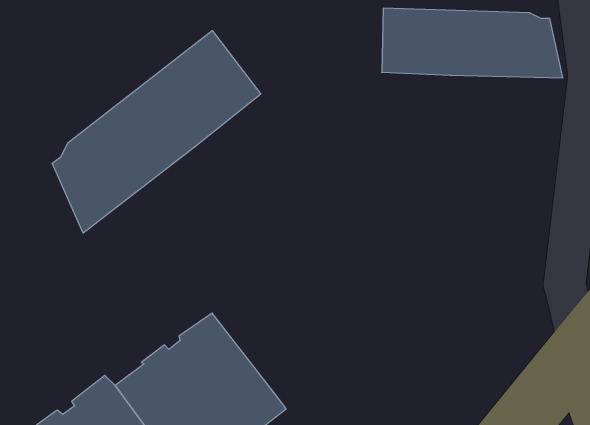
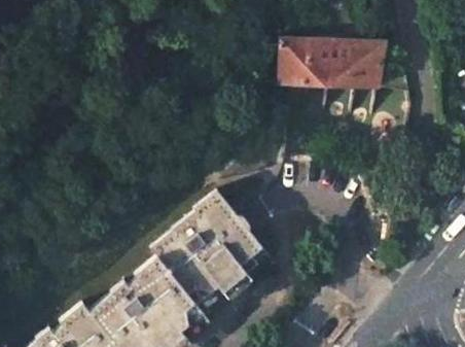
building: [52,31,261,233] -> none
building: none -> [151,187,272,314]

